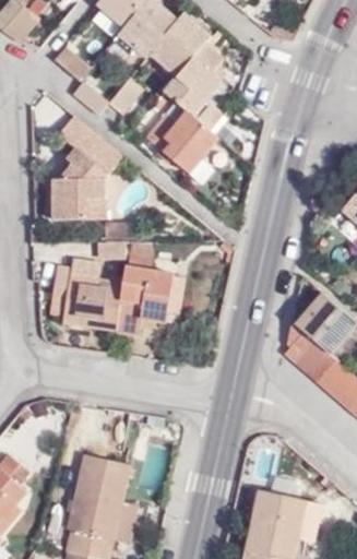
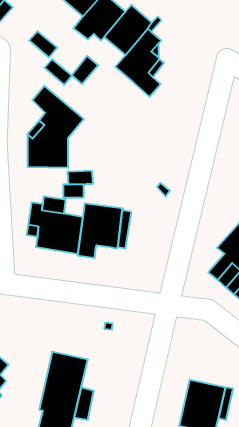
building: [146,110,218,173] -> none

